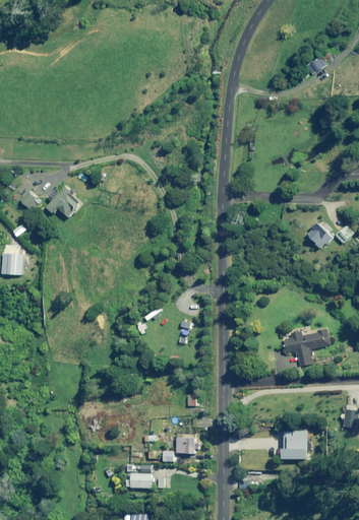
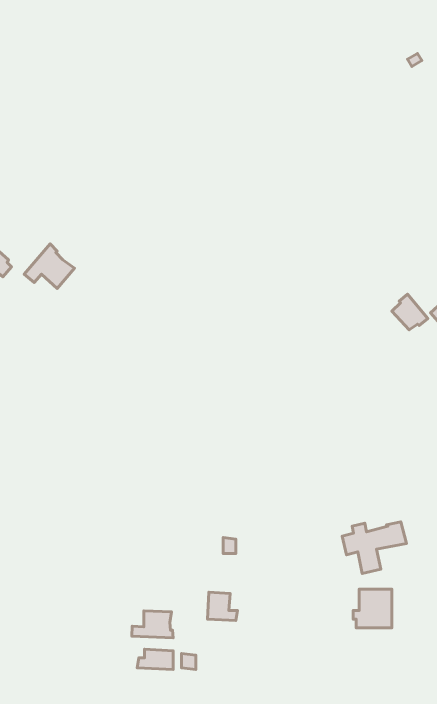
building: [284,329,330,366] -> [342,522,406,573]
building: none -> [132,611,173,638]

